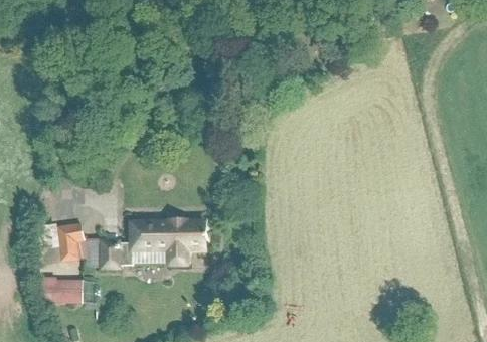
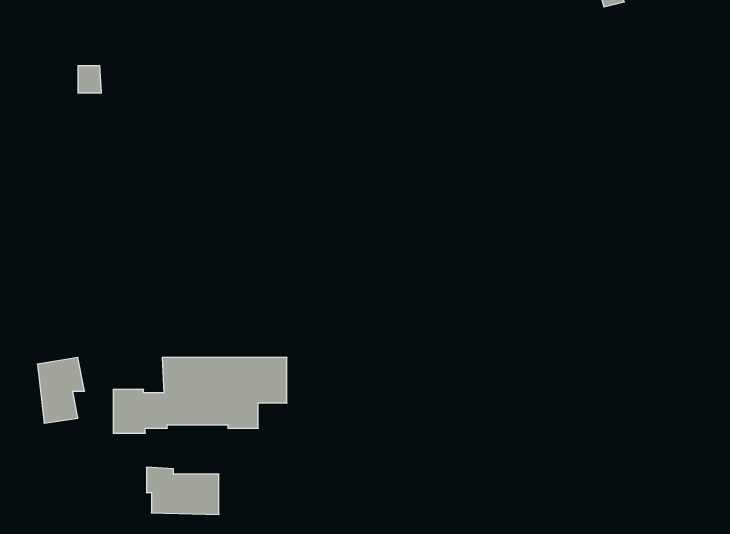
building: [39,275,83,303] -> [146,467,219,514]

